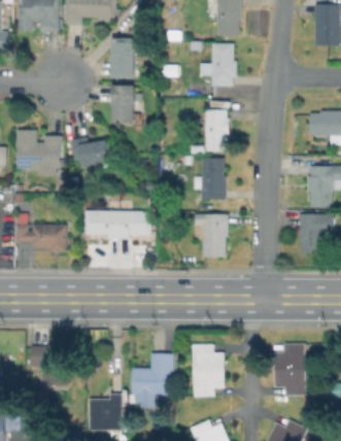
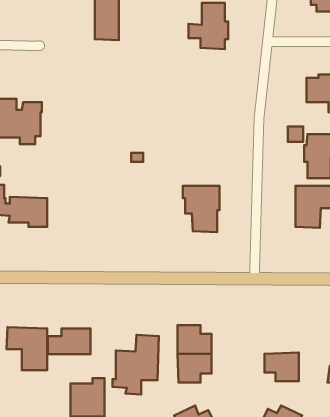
building: [113,86,135,124] -> none
building: [205,110,230,151] -> none
building: [72,137,110,167] -> none
building: [194,159,227,199] -> none
building: [84,209,152,239] -> none
building: [271,343,303,371] -> none
building: none -> [48,328,90,354]

